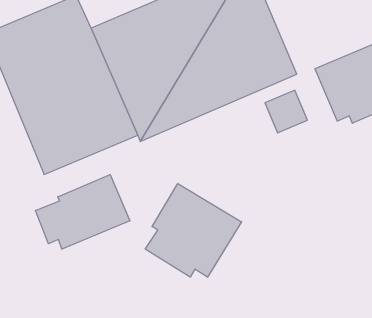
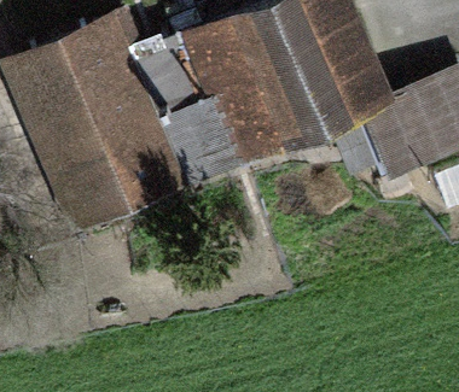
building: [35,175,130,249] -> none
building: [145,184,242,277] -> none

